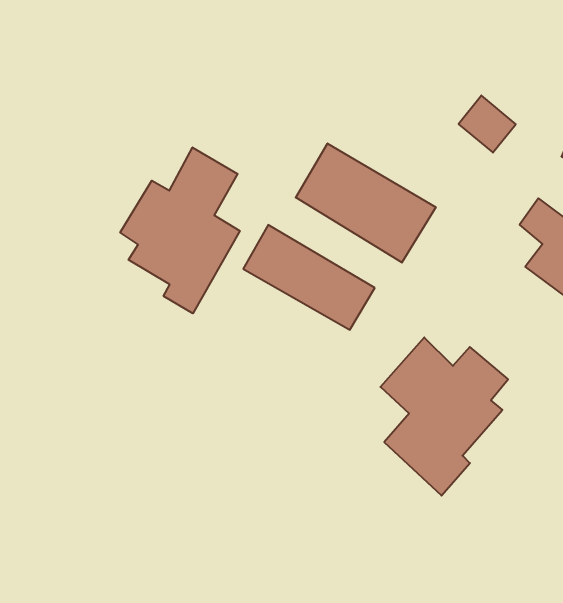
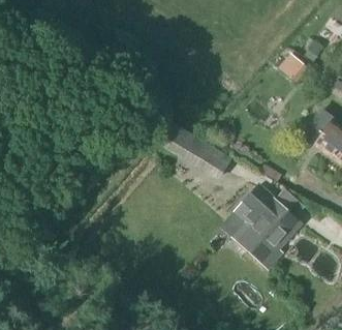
building: [296,143,436,263] -> none
building: [120,147,240,313] -> none

